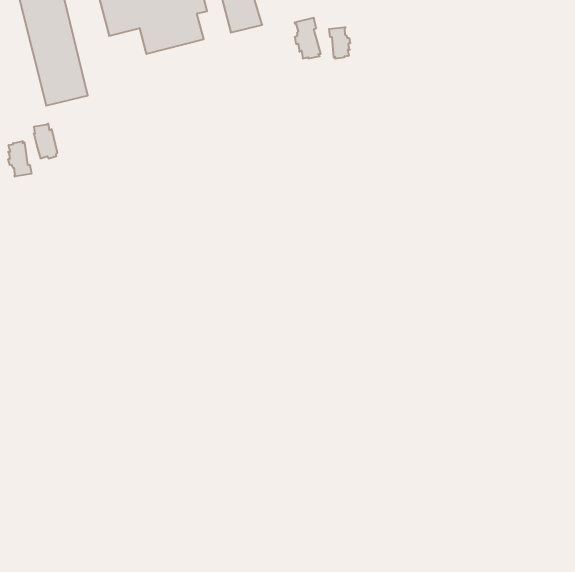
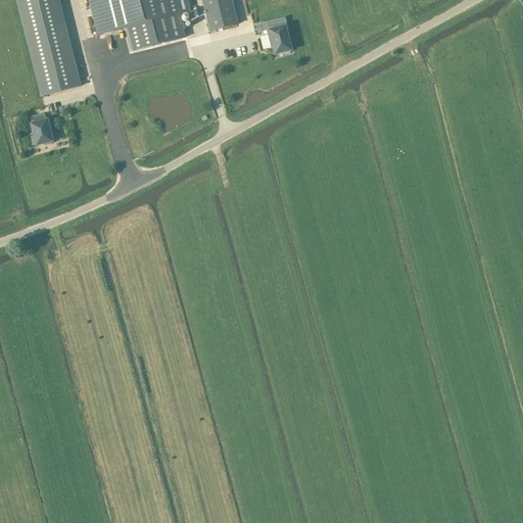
building: [329,27,350,59] -> none
building: [8,141,31,177] -> none

